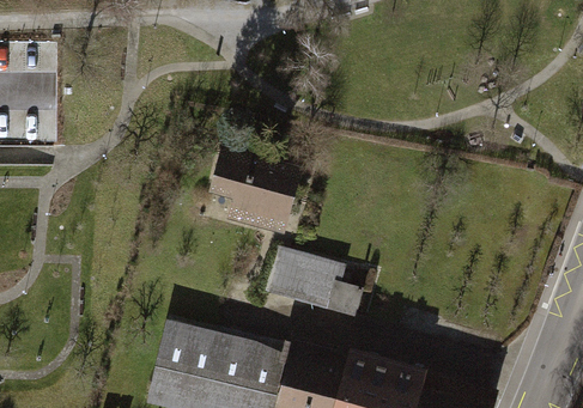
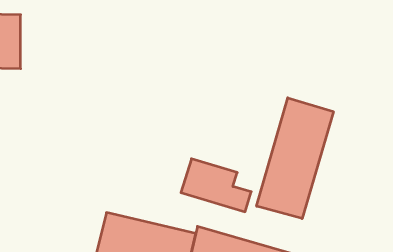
building: [208,147,302,237] -> none
building: none -> [257,98,333,219]

